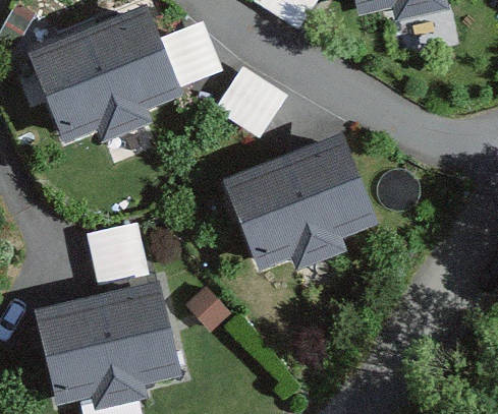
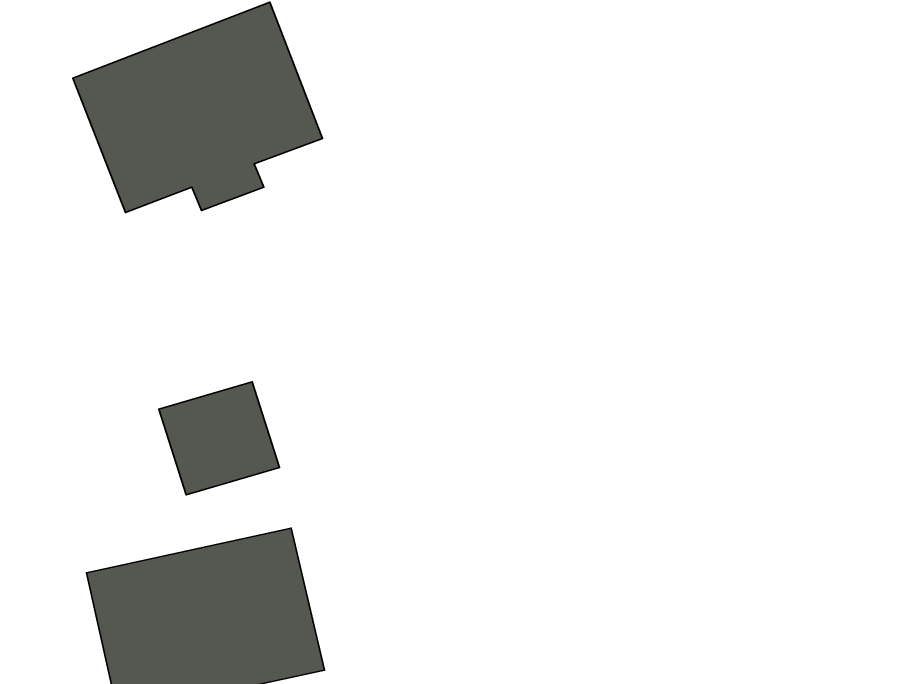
building: [231,151,362,260] -> none

